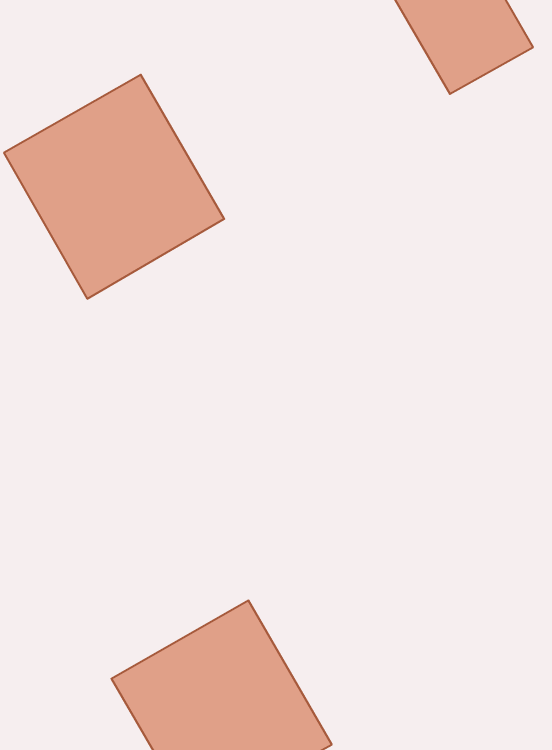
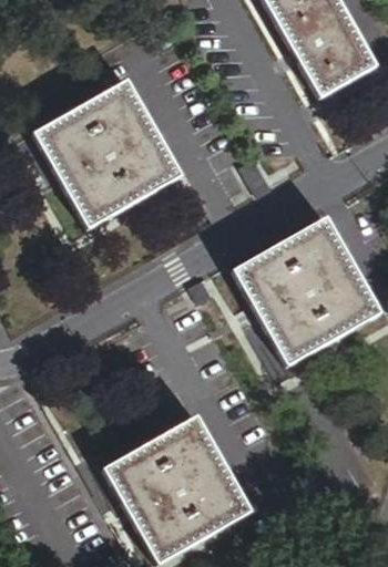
building: none -> [235,220,377,363]

